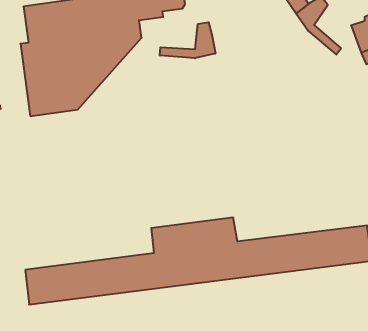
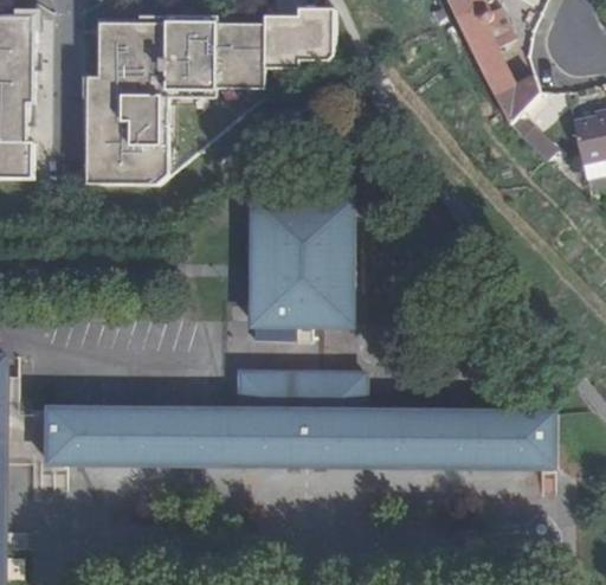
building: [160,22,215,58] -> none
building: none -> [253,202,348,322]

